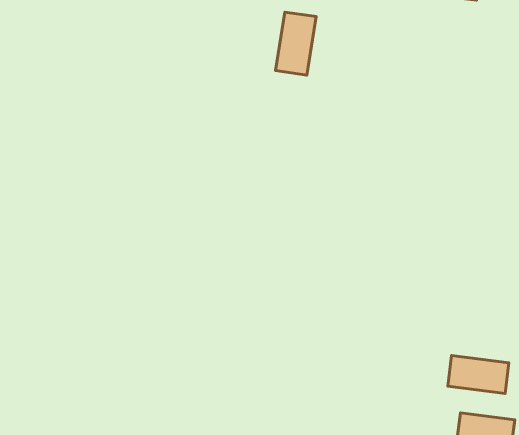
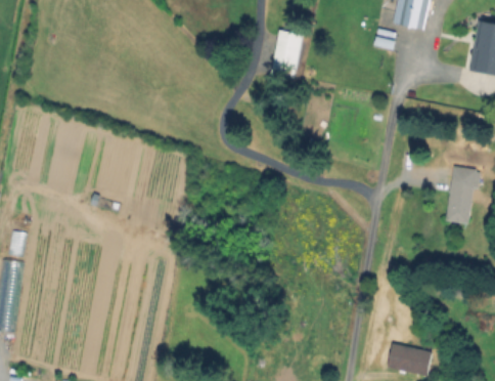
building: [448,355,509,394] -> none

